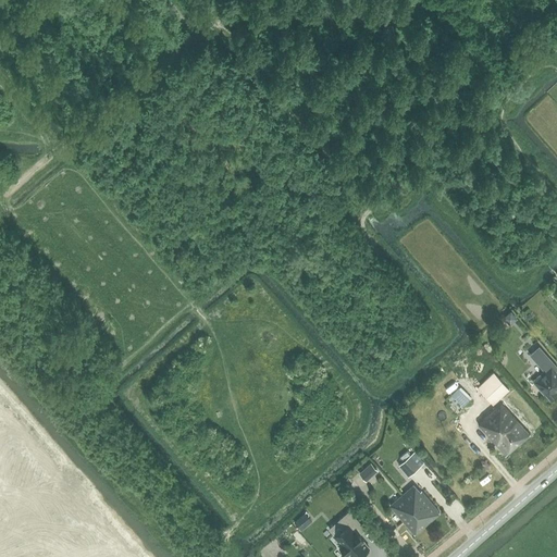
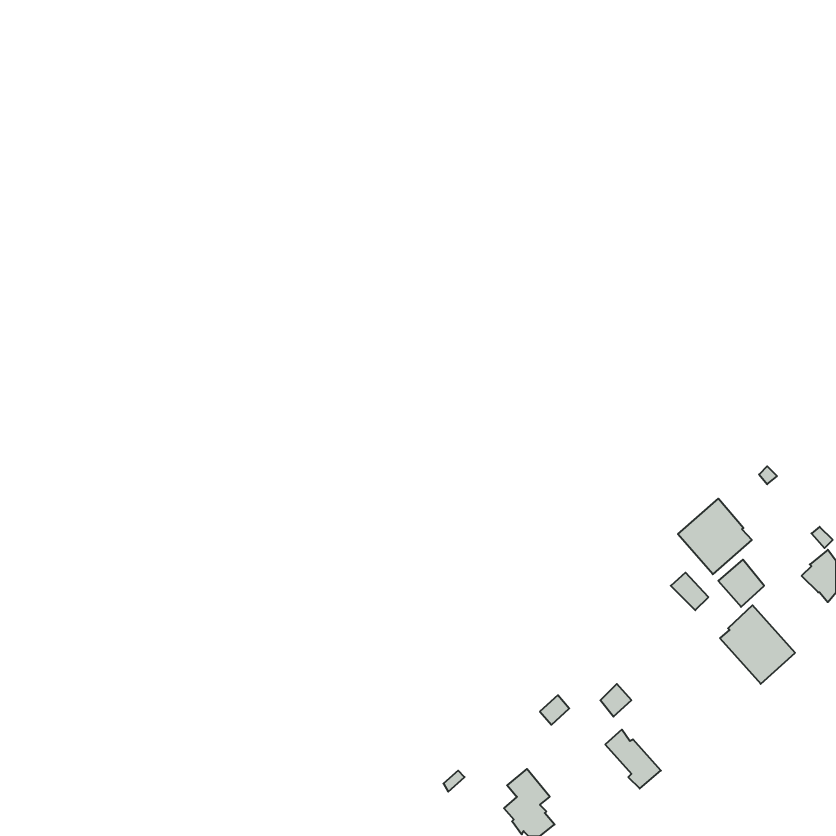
building: none -> [678,499,752,574]
building: [389,495,425,534] -> none

